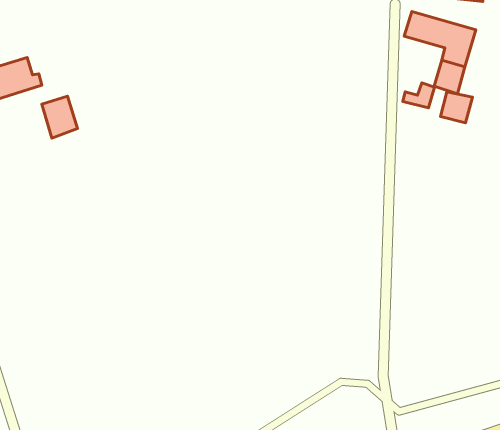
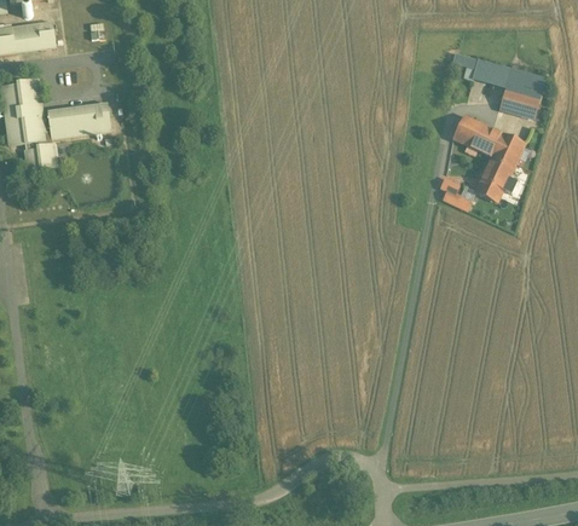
building: [441,92,473,123] -> none
building: [42,96,78,138] -> none

